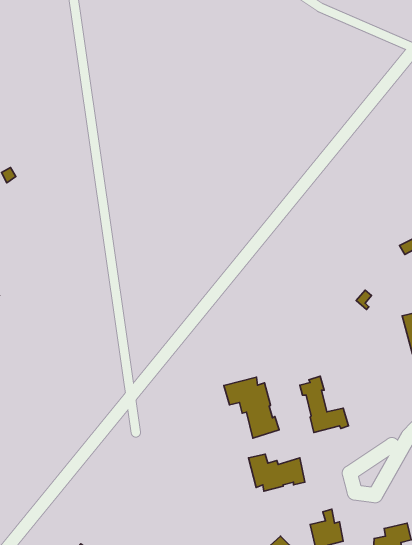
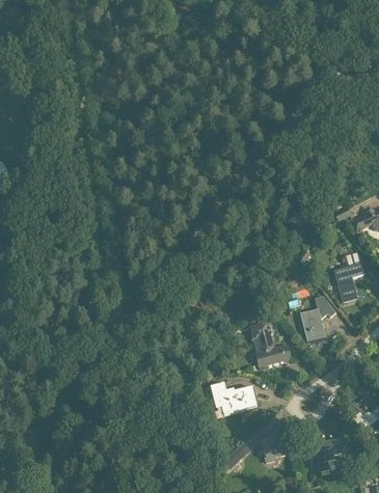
building: none -> [299,297,335,340]
building: [224,377,279,438] -> none

